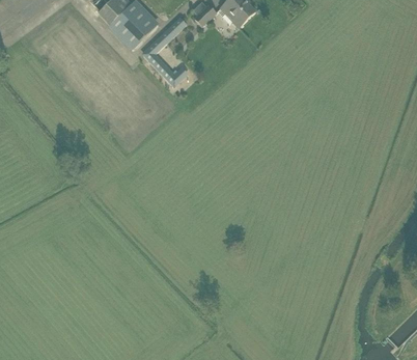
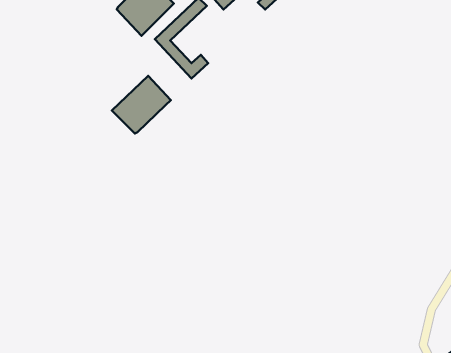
building: none -> [112,76,171,133]

